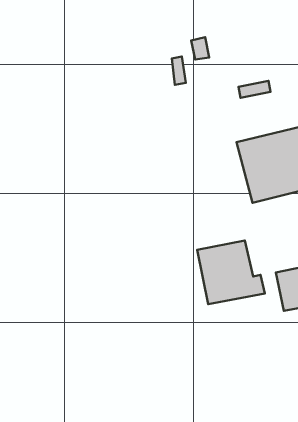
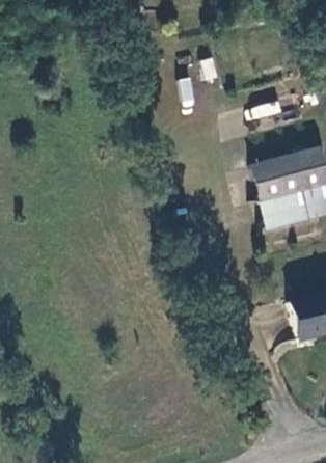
building: [197,240,265,304] -> none

